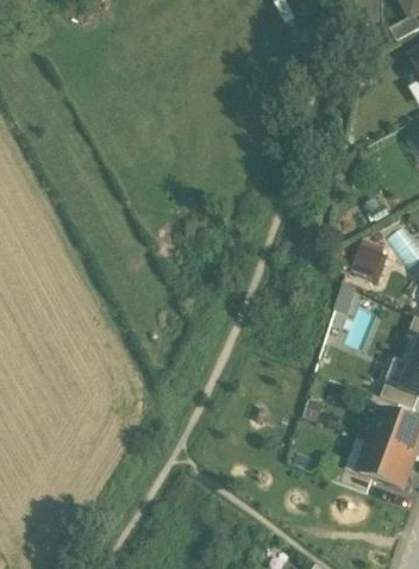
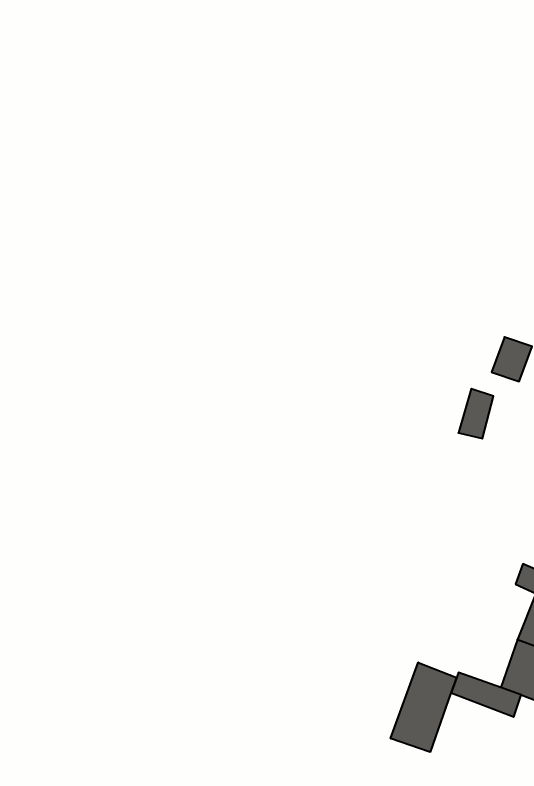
building: none -> [391,662,457,752]

